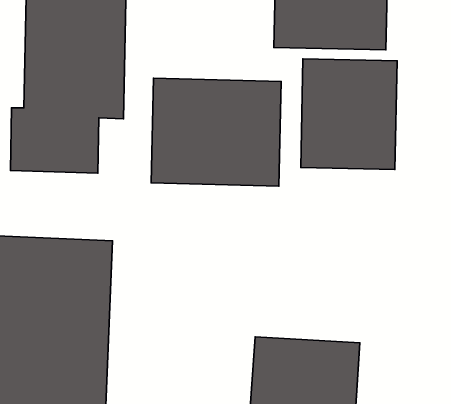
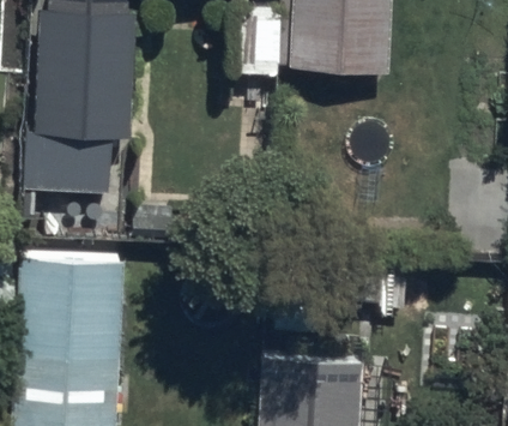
building: [301,59,397,170] -> none
building: [151,78,281,186] -> none

